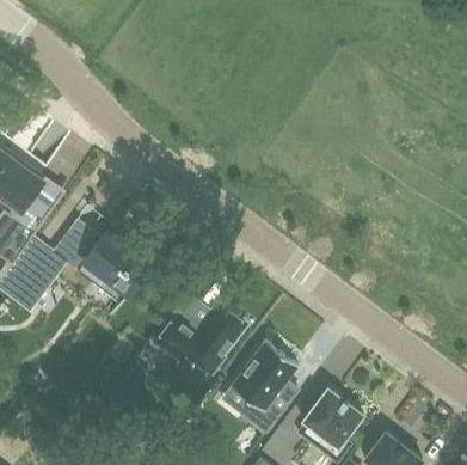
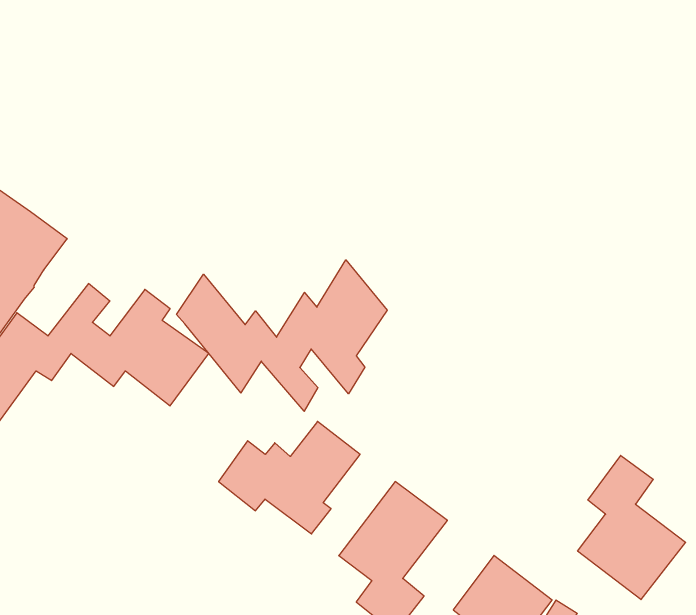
building: none -> [177,260,387,411]
building: none -> [578,455,686,600]

